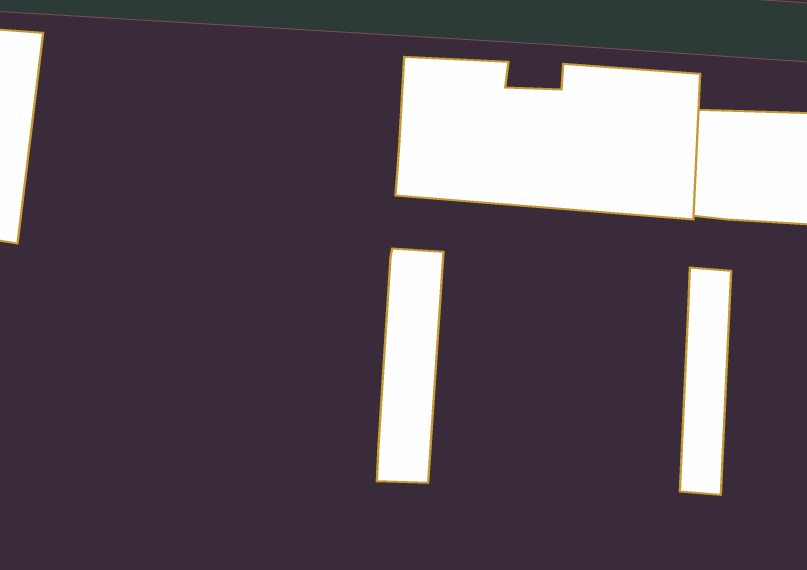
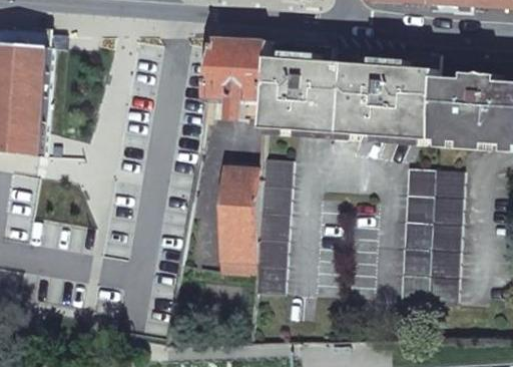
building: none -> [198,37,268,131]
building: none -> [213,162,259,275]
building: none -> [403,169,434,302]

